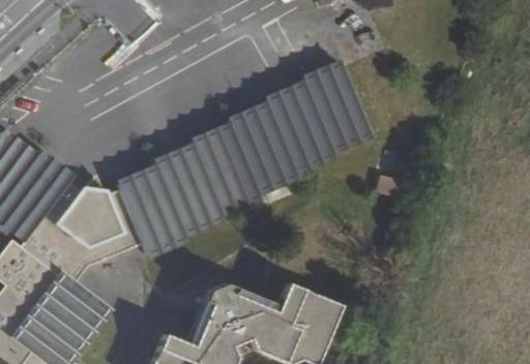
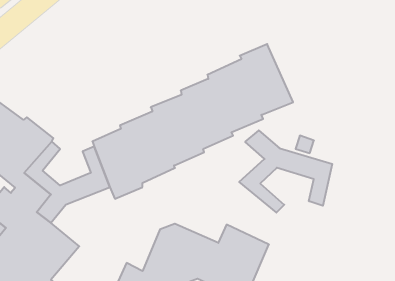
building: none -> [239,130,332,213]
building: [62,169,122,235] -> none

